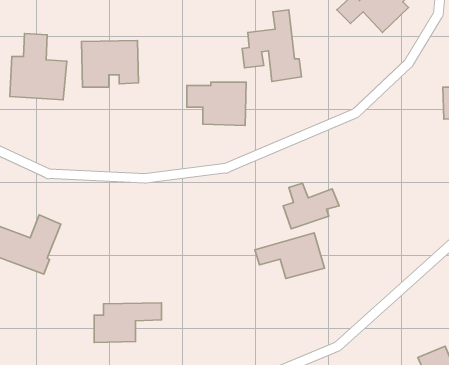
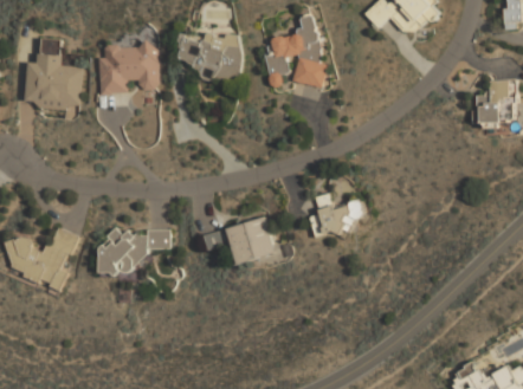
building: [187,82,246,125] -> [179,35,240,80]
building: [255,233,324,278] -> [202,218,275,265]
building: [94,303,162,343] -> [99,232,169,273]

